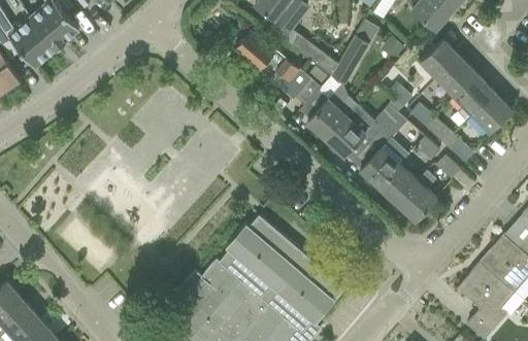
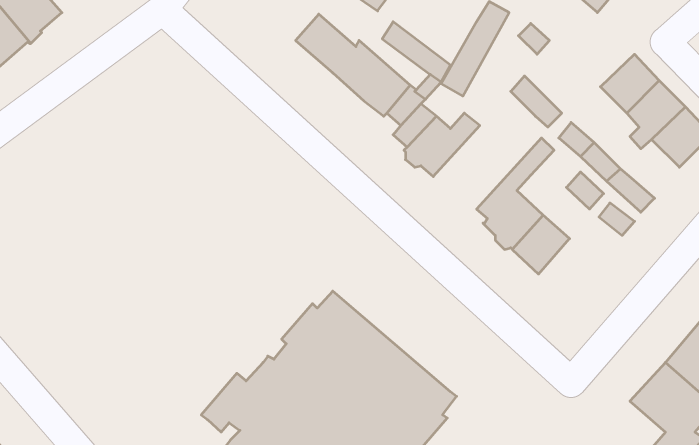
building: [420,39,460,79] -> none
building: [326,105,398,161] -> none
building: [396,171,436,221] -> none

